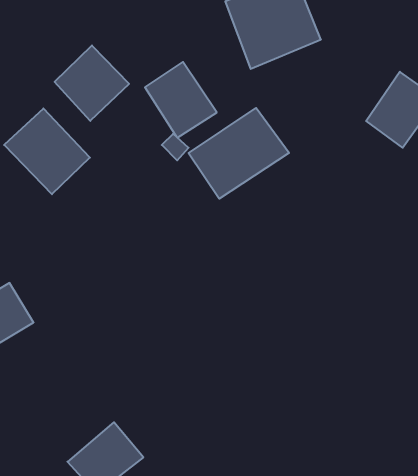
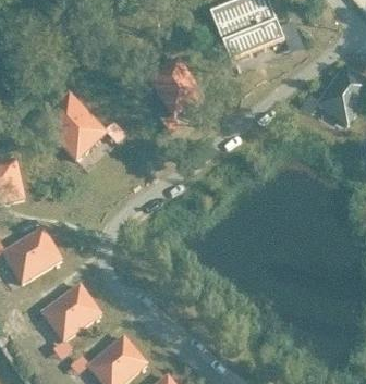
building: [55,45,129,121] -> none
building: [189,108,289,199] -> none
building: none -> [42,285,101,340]

